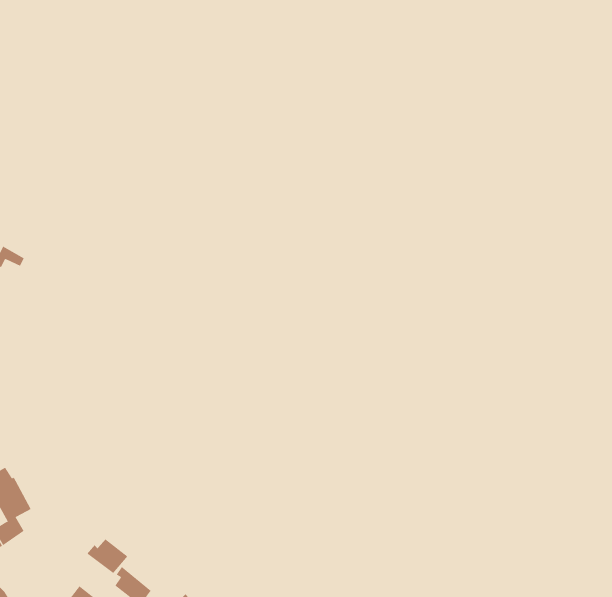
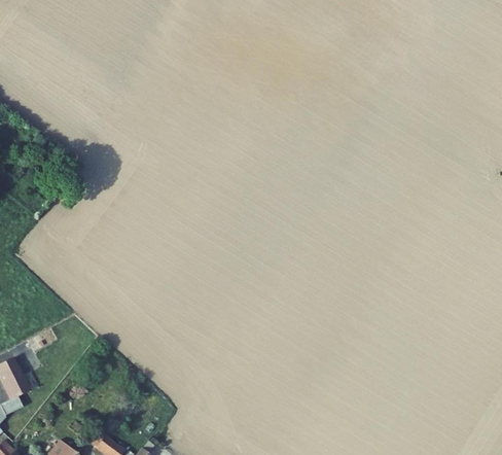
building: [86,538,128,574] -> none

